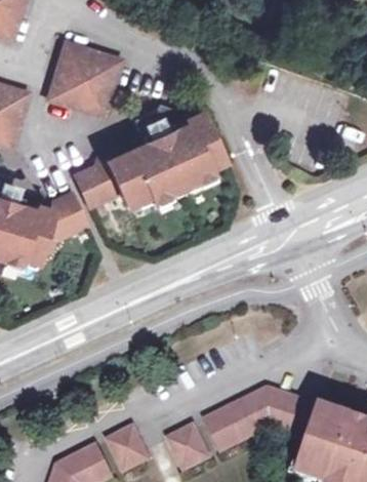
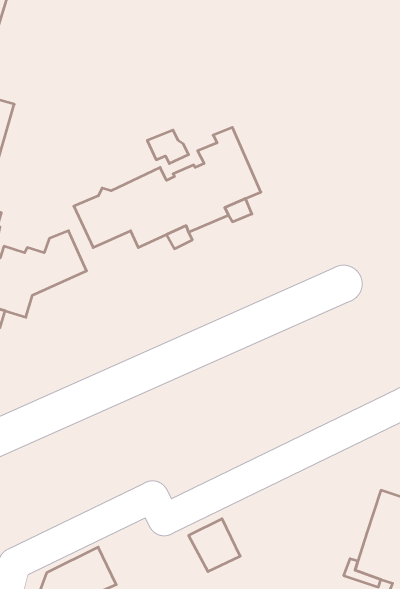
building: [50,44,122,116] -> none
building: [205,384,320,445] -> none
building: [104,426,147,469] -> none

